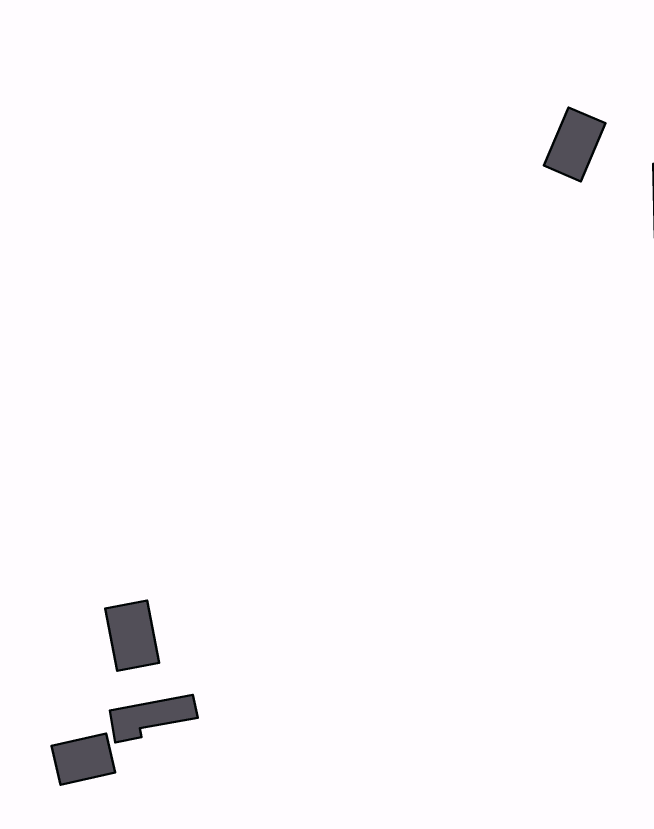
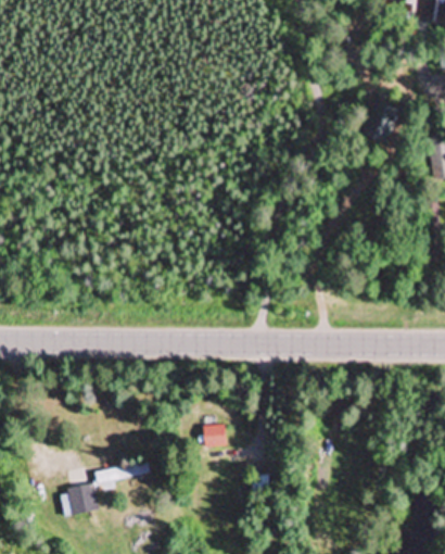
building: [105,601,159,671] -> none
building: none -> [205,425,227,446]

